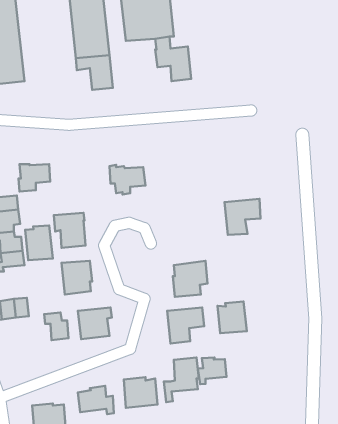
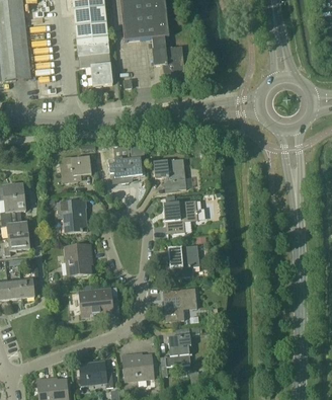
building: [19,164,50,191] -> [62,156,91,181]
building: none -> [154,158,187,190]
building: [225,199,260,235] -> [164,199,197,233]
building: [25,226,53,260] -> none
building: [217,302,247,333] -> none
building: [44,312,69,340] -> none
building: [198,357,227,384] -> none

